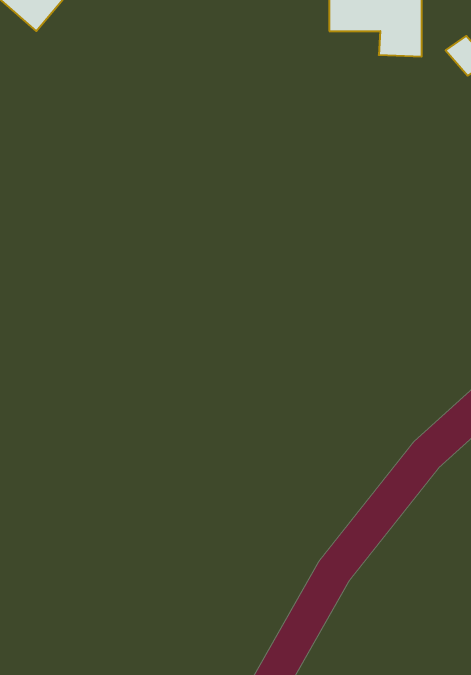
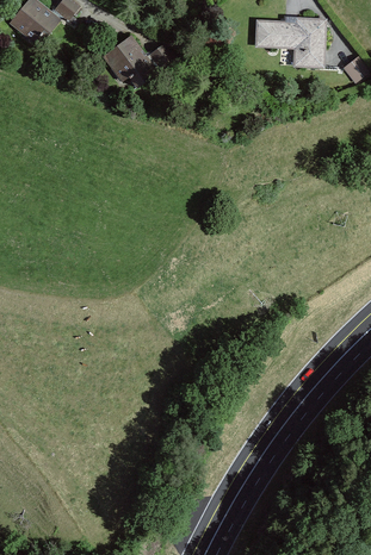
building: none -> [101,36,156,94]

